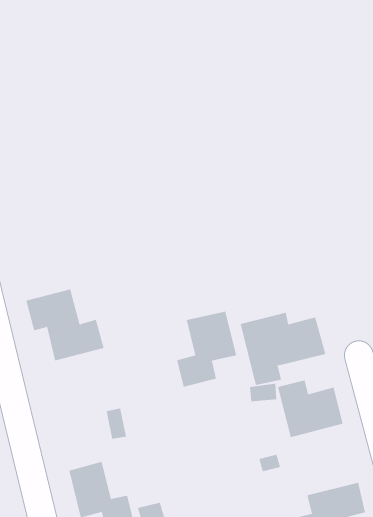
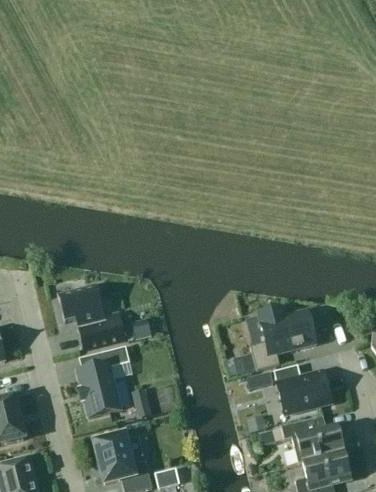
building: [176,311,237,387] -> none
building: none -> [78,347,130,417]
building: none -> [278,418,345,465]

